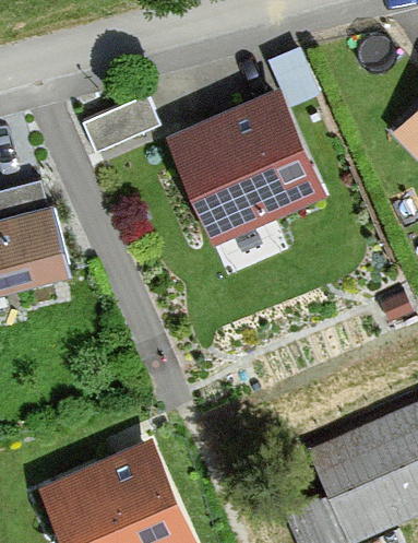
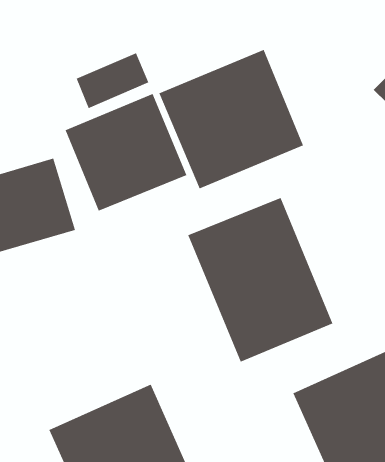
building: none -> [65,93,187,212]
building: none -> [187,197,333,363]

